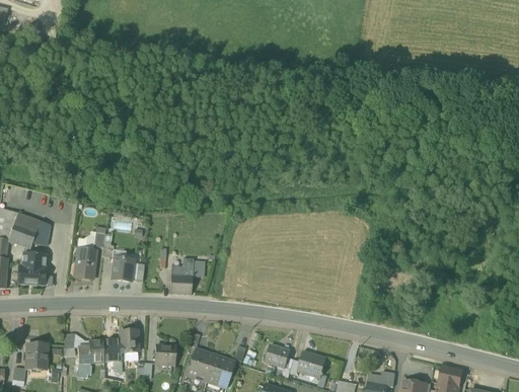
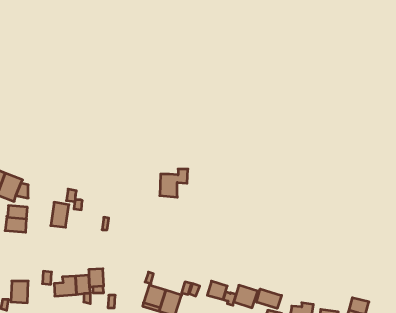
building: [112,256,134,281] -> none
building: [170,259,205,294] -> [160,169,188,197]
building: [155,345,176,364] -> none
building: none -> [257,289,282,308]

